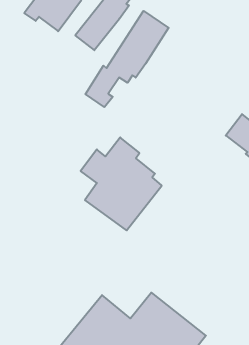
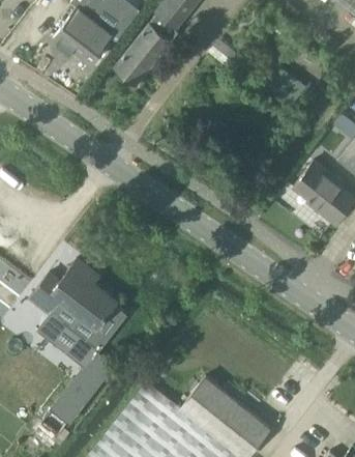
building: [85,11,169,107] -> none
building: [81,137,162,230] -> [31,259,128,371]

